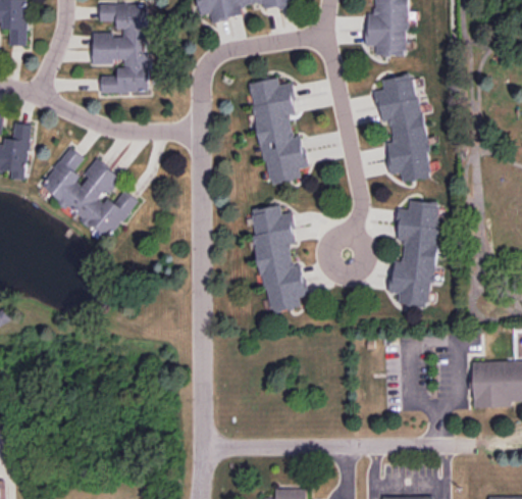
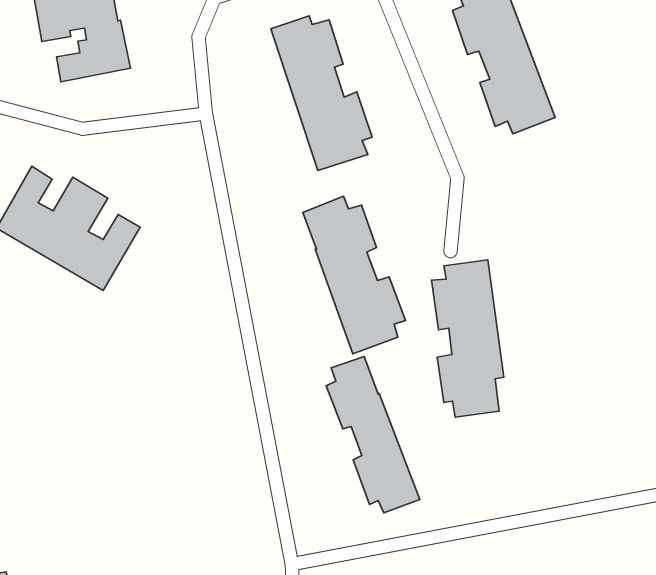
building: [392,200,438,305] -> [431,260,504,417]
building: none -> [326,356,420,513]

